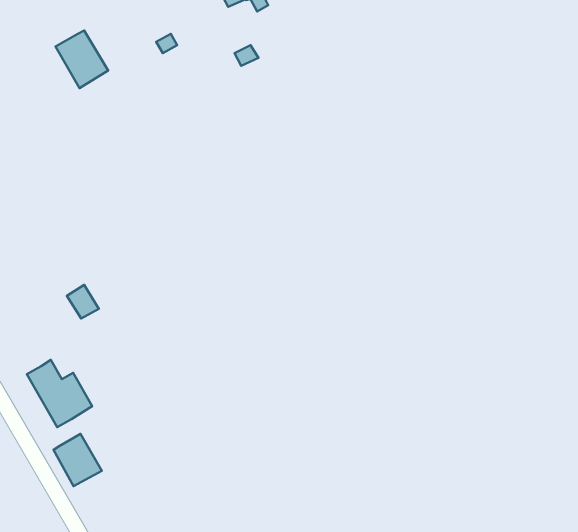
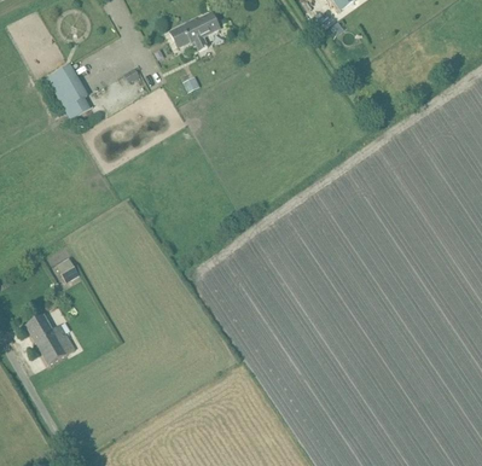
building: [54,434,102,486] -> none

